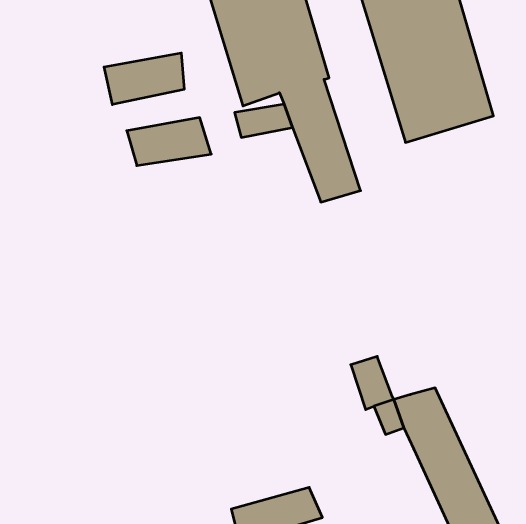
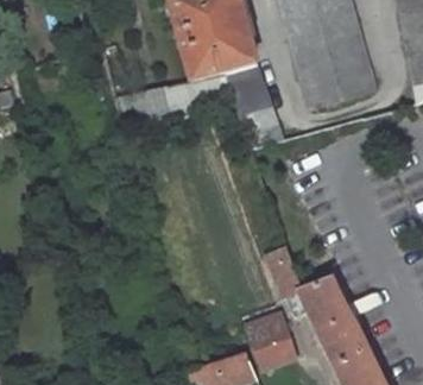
building: [104,53,184,105] -> none
building: none -> [246,313,298,368]

